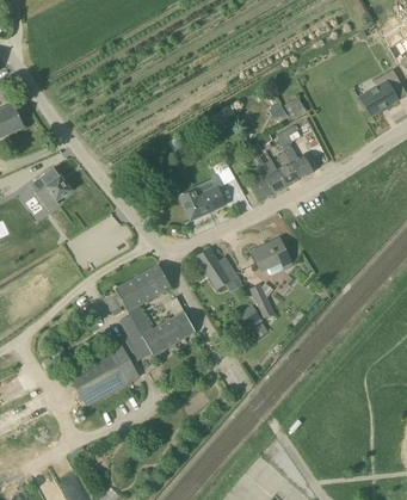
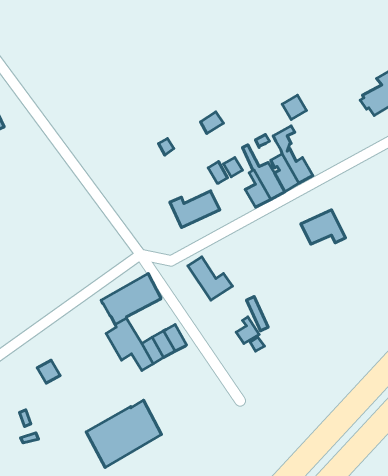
building: [29,167,70,211] -> none
building: [251,239,292,271] -> [301,210,345,244]
building: [68,344,138,407] -> [86,400,161,468]

